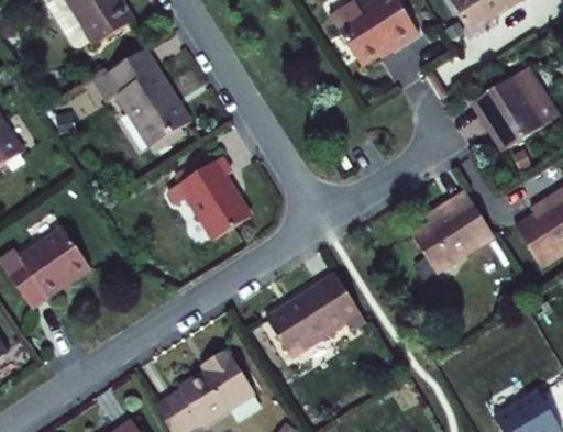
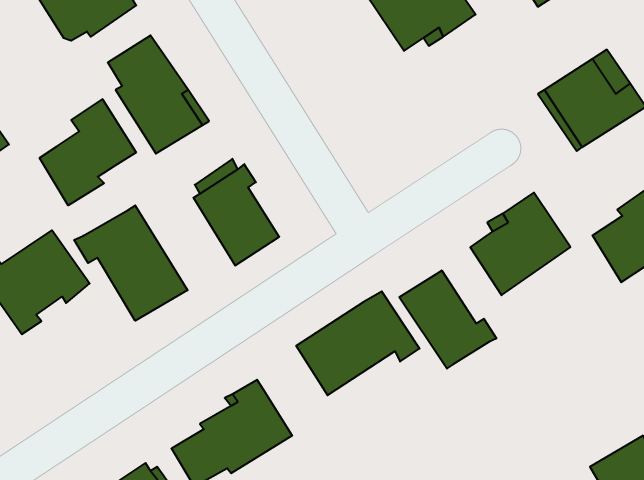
building: none -> [40,99,136,205]
building: none -> [74,205,188,321]
building: none -> [399,270,496,369]

